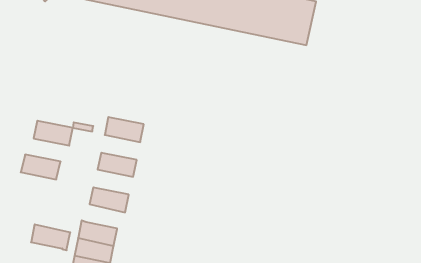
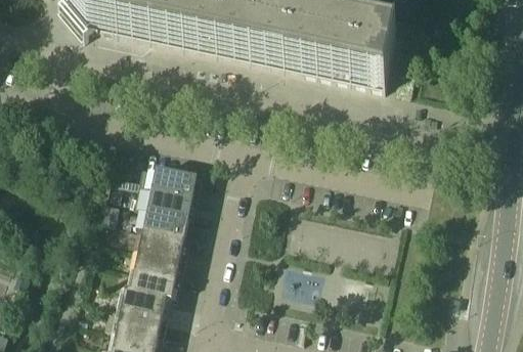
building: [34,121,73,146] -> [150,184,195,213]
building: [21,155,61,179] -> [141,224,187,253]
building: [31,224,70,250] -> [133,264,178,294]

